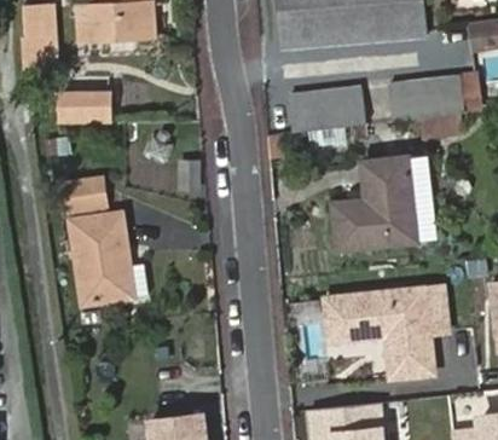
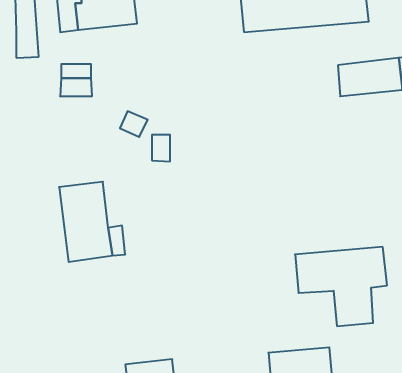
building: [288,86,364,128] -> none
building: [331,155,429,249] -> none
building: [66,178,106,213] -> none

